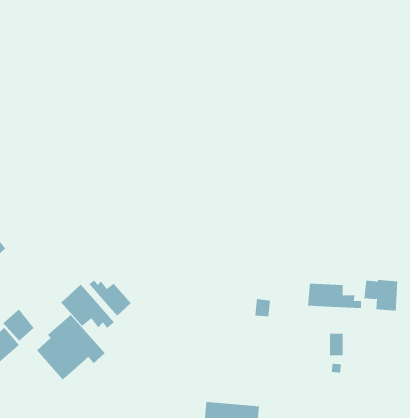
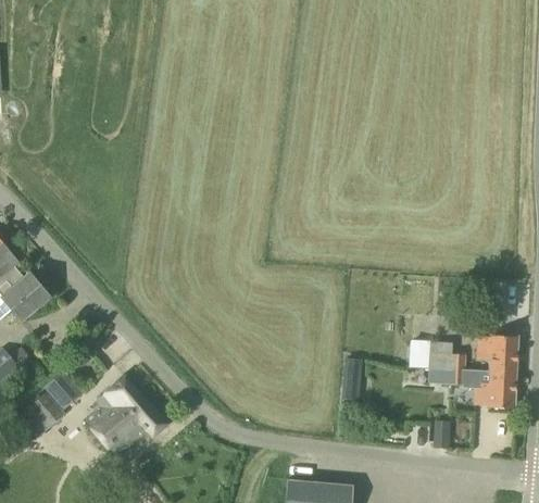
building: [89,280,132,317] -> none
building: [61,284,115,329] -> none
building: none -> [428,368,515,410]

